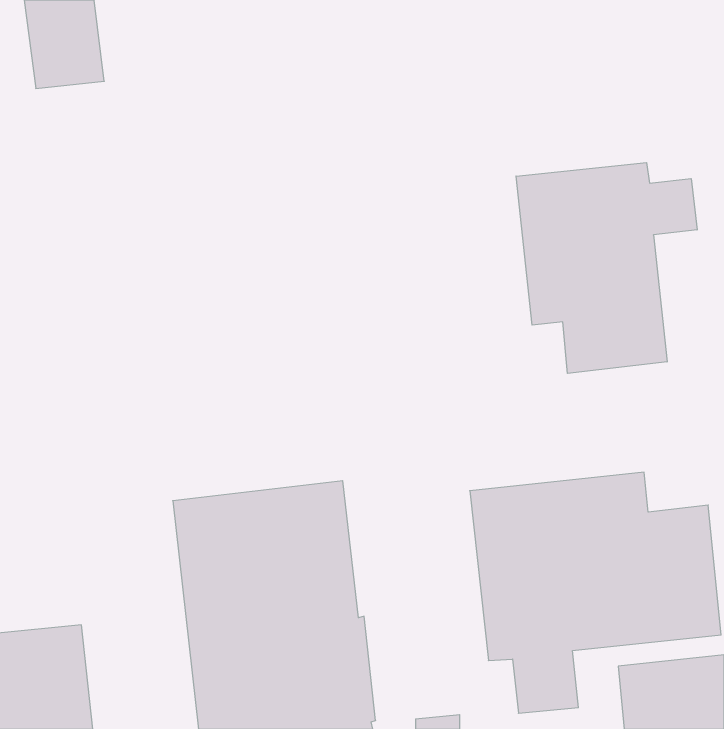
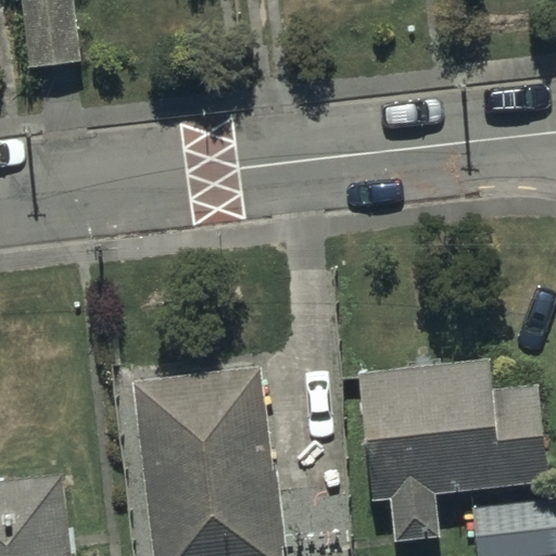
building: [516,163,697,373] -> none

